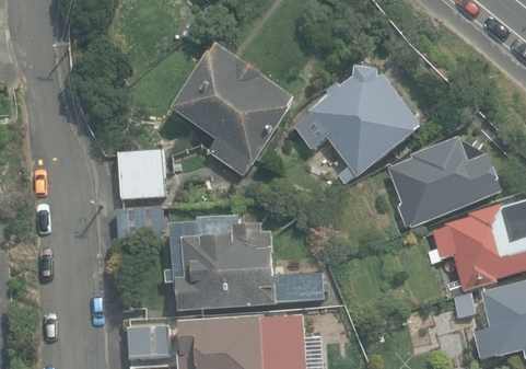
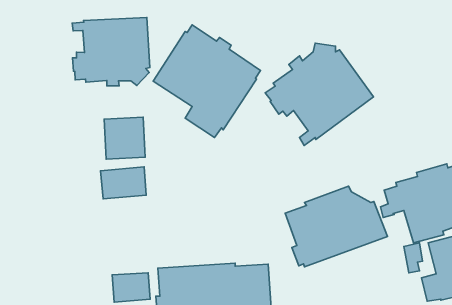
building: none -> [72,17,150,86]
building: [388,137,503,228] -> [285,186,388,267]
building: [166,215,328,311] -> none

